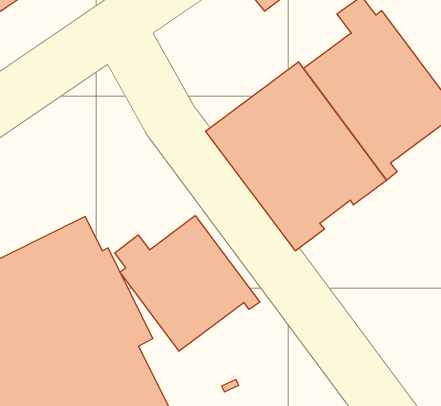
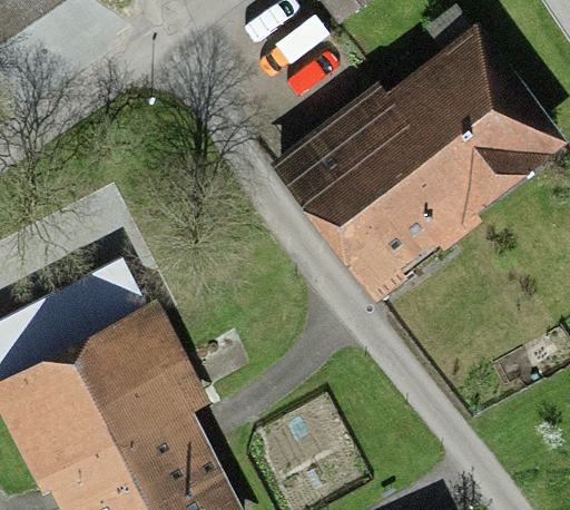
building: [115,216,260,351] -> none

